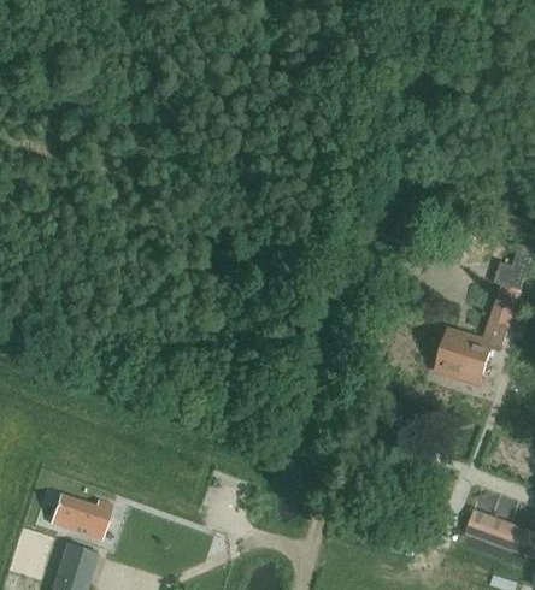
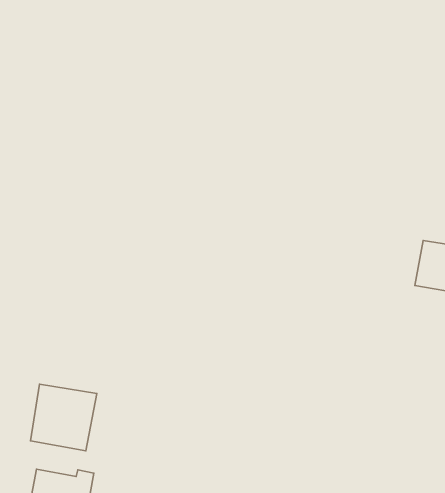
building: none -> [31,384,97,451]

